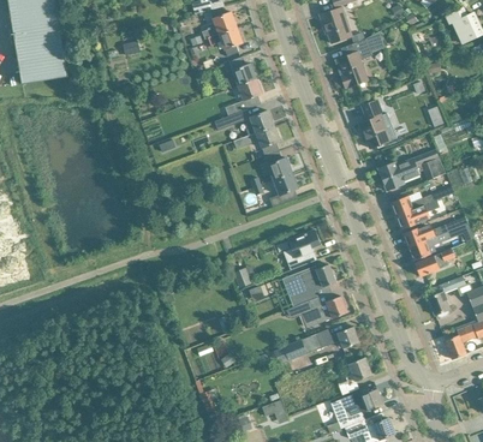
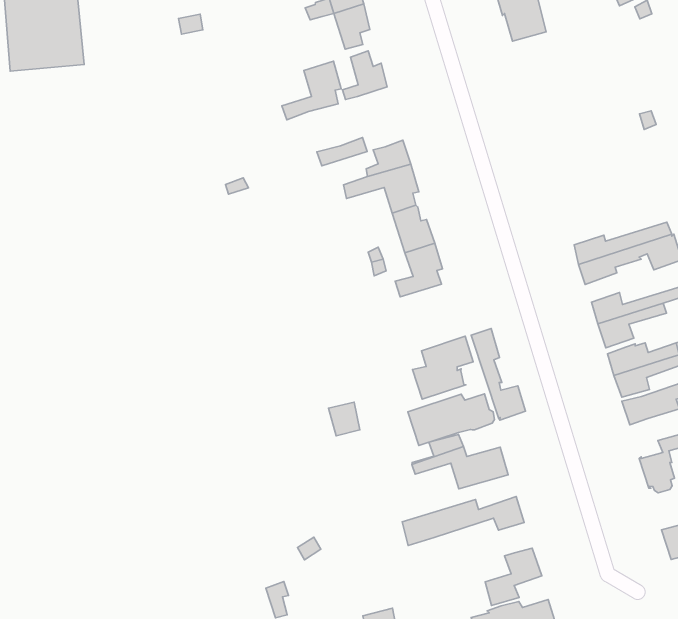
building: [338,37,372,88] -> none
building: [226,77,262,115] -> [282,61,341,120]
building: [362,100,398,148] -> none
building: none -> [471,328,526,420]

